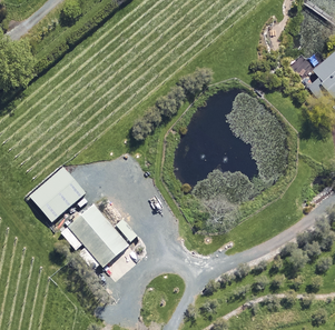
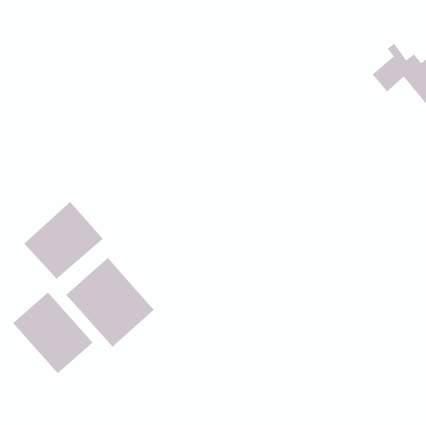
building: none -> [12,292,93,374]

